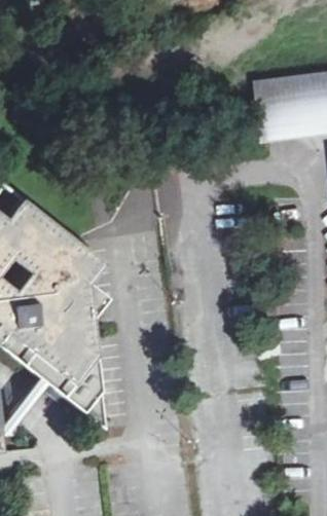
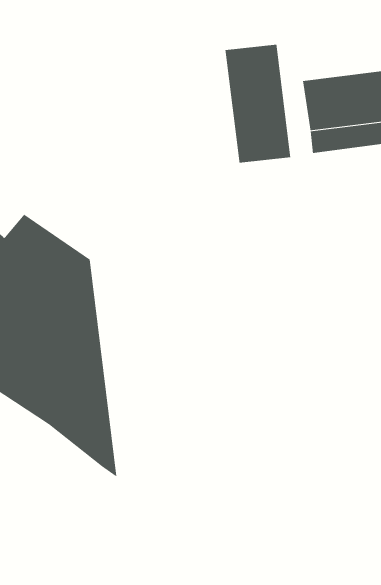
building: none -> [225,44,291,163]

